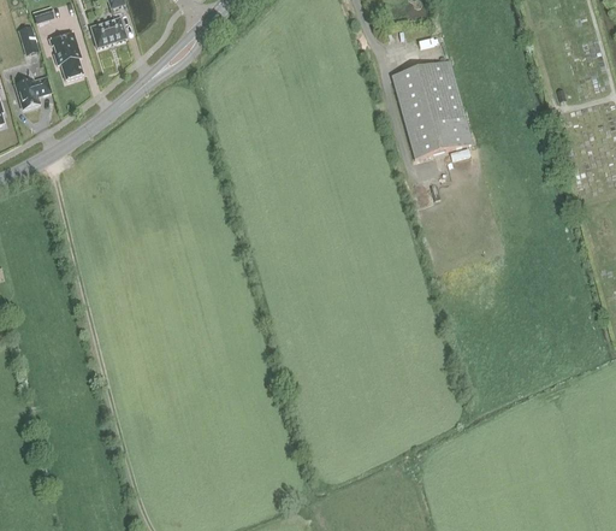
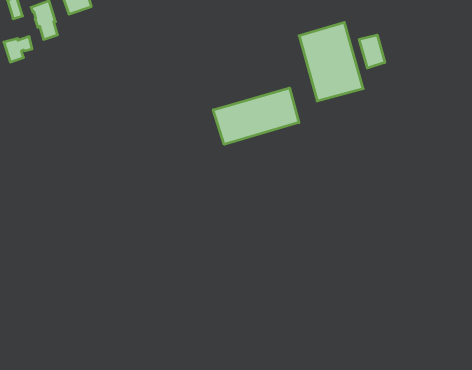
building: none -> [359,35,385,68]
building: none -> [213,88,299,144]

